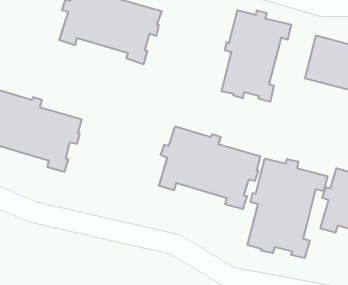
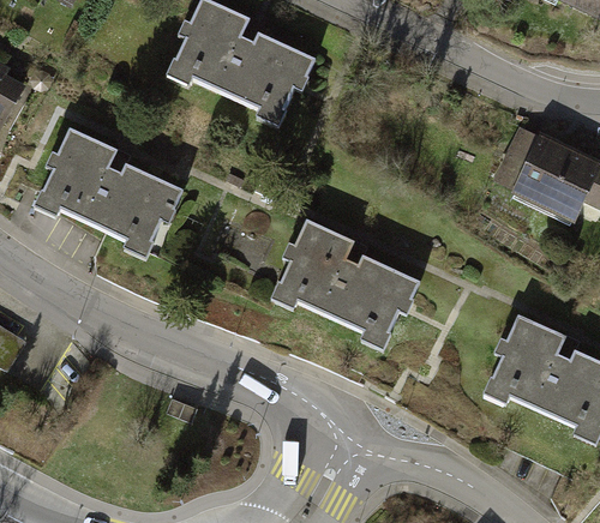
building: [221,10,291,102] -> none
building: [247,159,327,258] -> none

